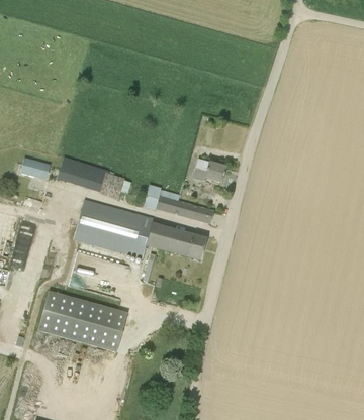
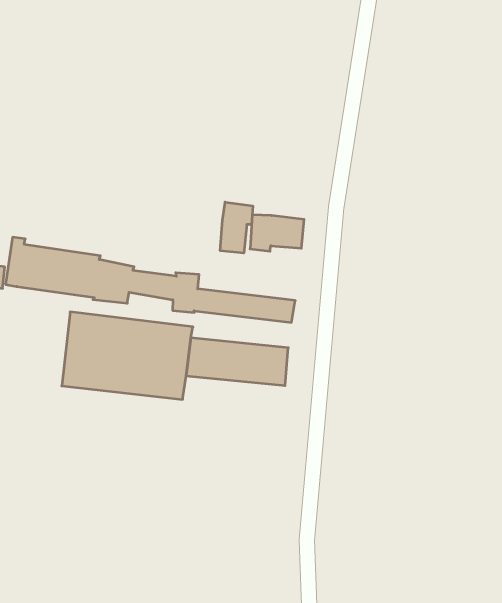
building: none -> [220,202,253,253]
building: [37,290,126,350] -> none

